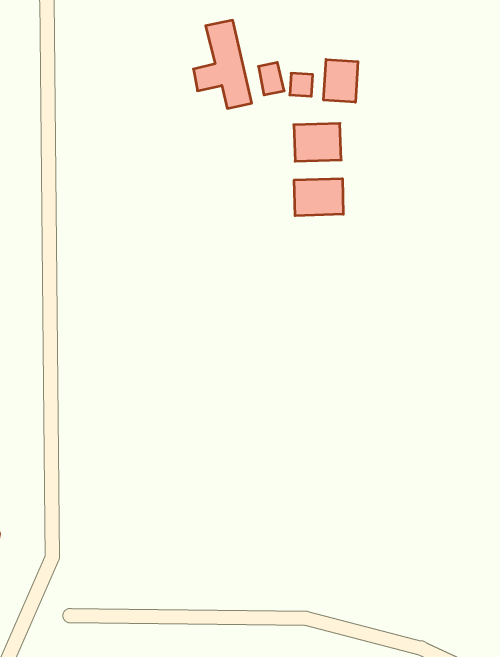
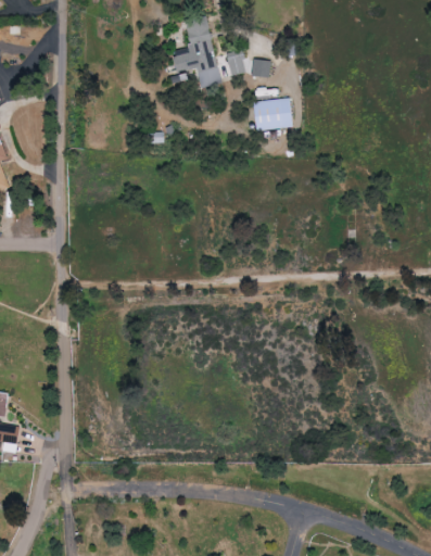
building: [324,59,358,102] -> none
building: [294,179,343,216] -> none

